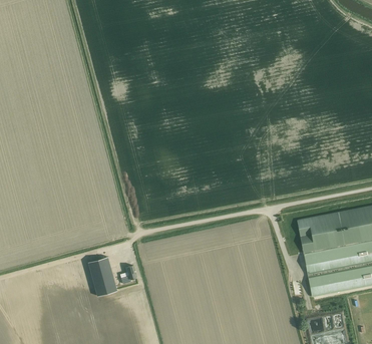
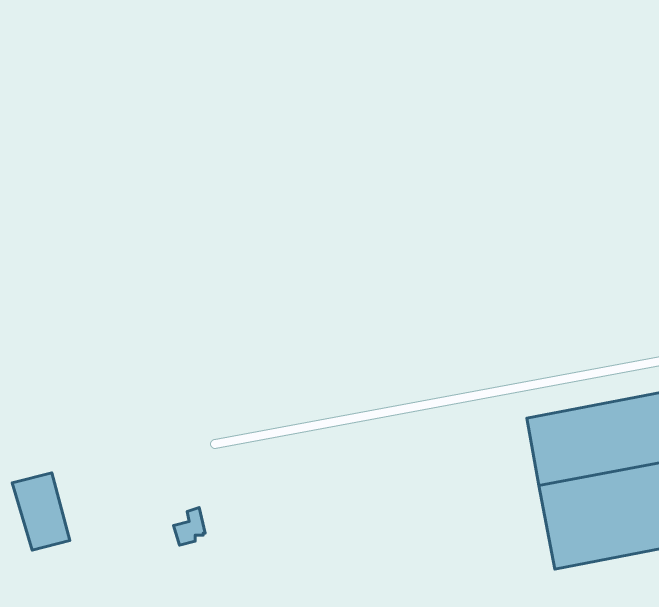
building: [87,257,116,296] -> [12,473,70,550]

